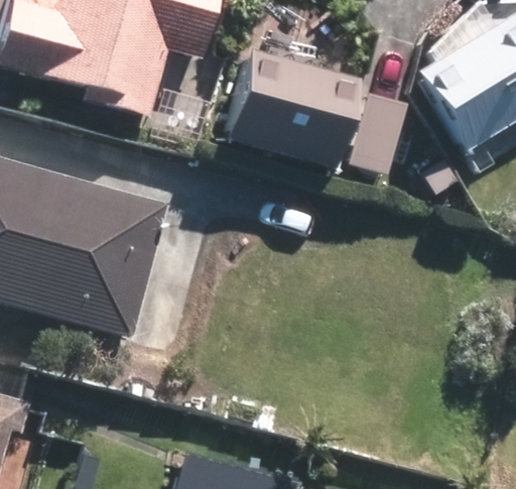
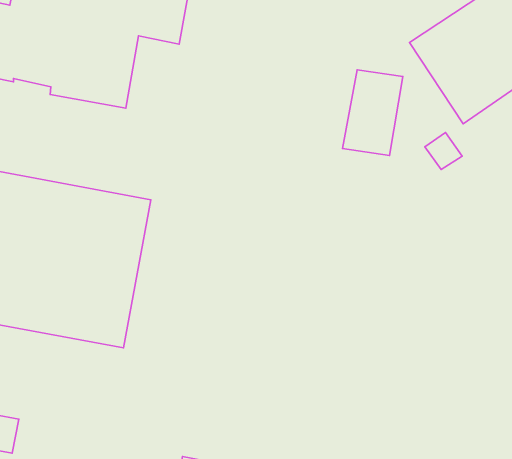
building: [224,51,358,168] -> none

